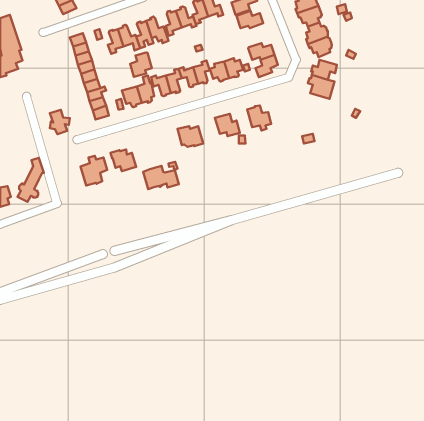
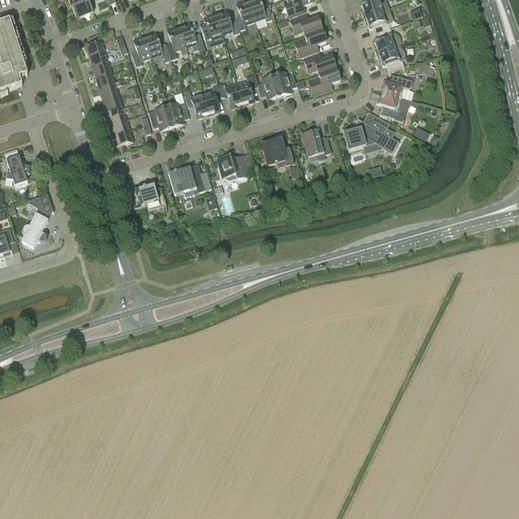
building: none -> [294,28,326,58]
building: [130,52,152,77] -> none
building: none -> [344,116,398,152]
building: [50,110,70,134] -> [6,155,30,184]
building: [81,156,107,185] -> none
building: [143,166,179,189] -> [168,165,212,194]

